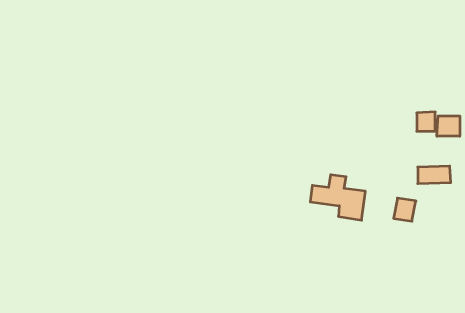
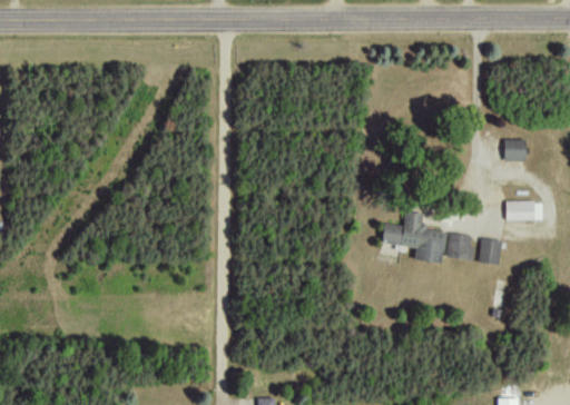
building: [437,116,460,136] -> none
building: none -> [446,233,475,261]

